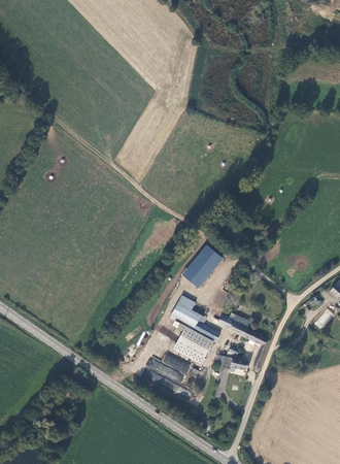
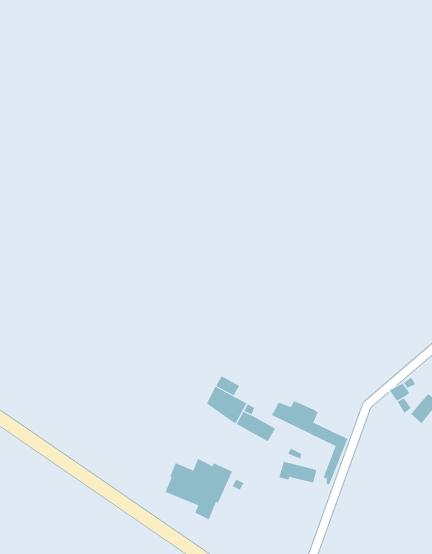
building: [181,246,223,290] -> none
building: [176,325,212,359] -> none

